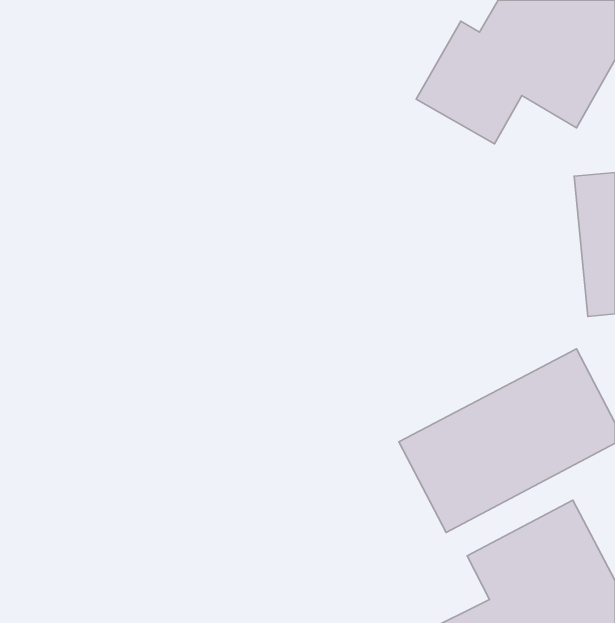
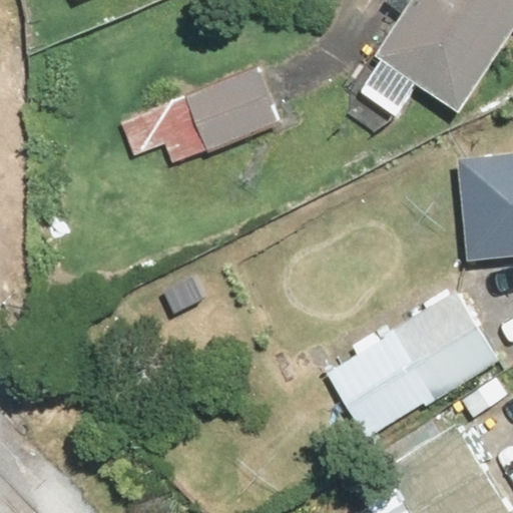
building: none -> [180,63,285,161]

